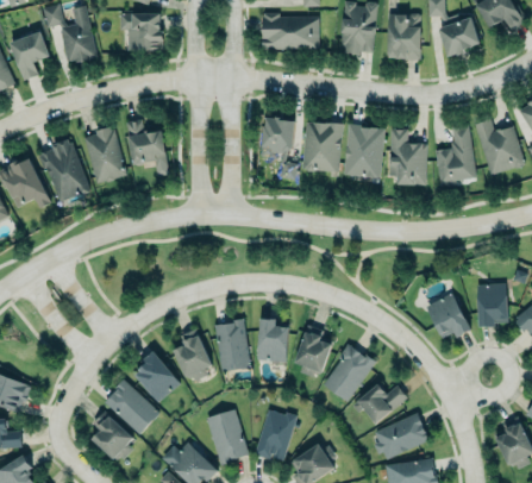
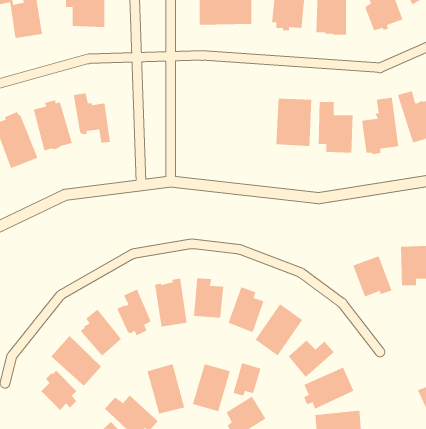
building: [262,117,298,180] -> none
building: [302,123,342,171] -> none
building: none -> [232,362,262,396]

